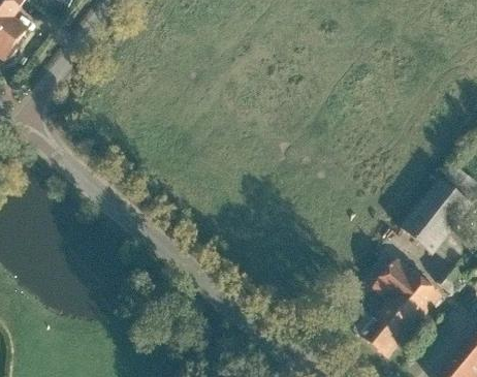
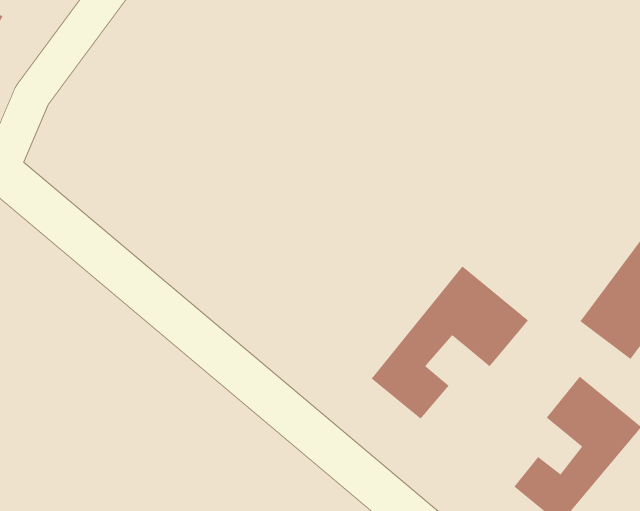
building: none -> [371,265,529,419]

